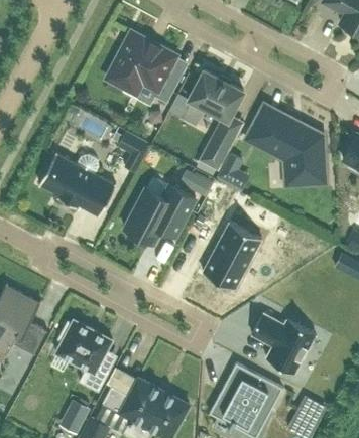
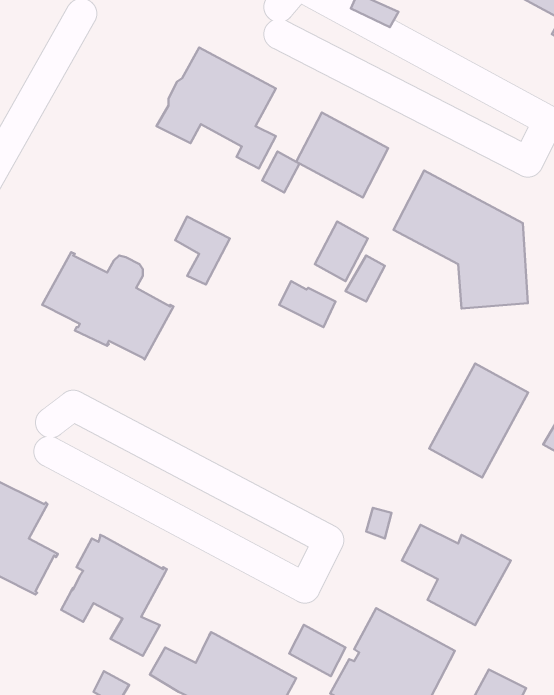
building: [124,185,196,245] -> none
building: [203,223,261,290] -> [429,363,528,478]
building: none -> [289,625,345,676]

